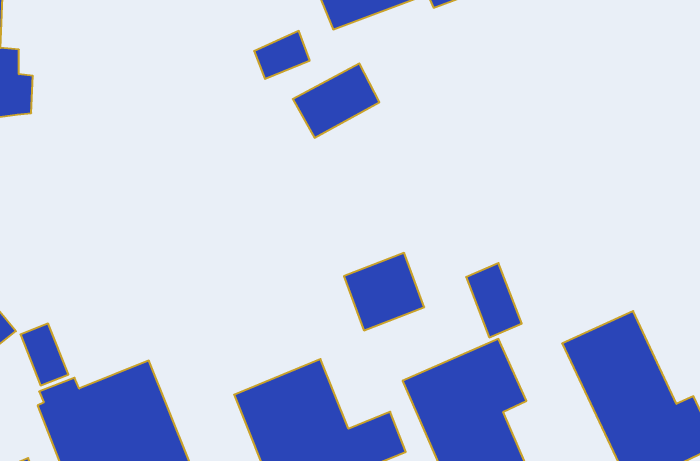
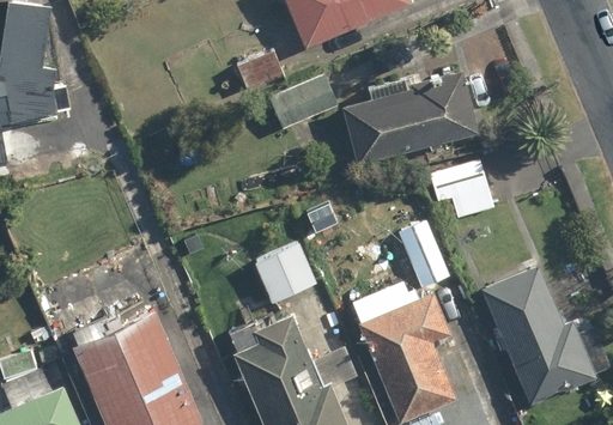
building: none -> [342,79,478,163]
building: none -> [427,159,492,223]
building: [344,253,424,330] -> [254,243,316,303]

